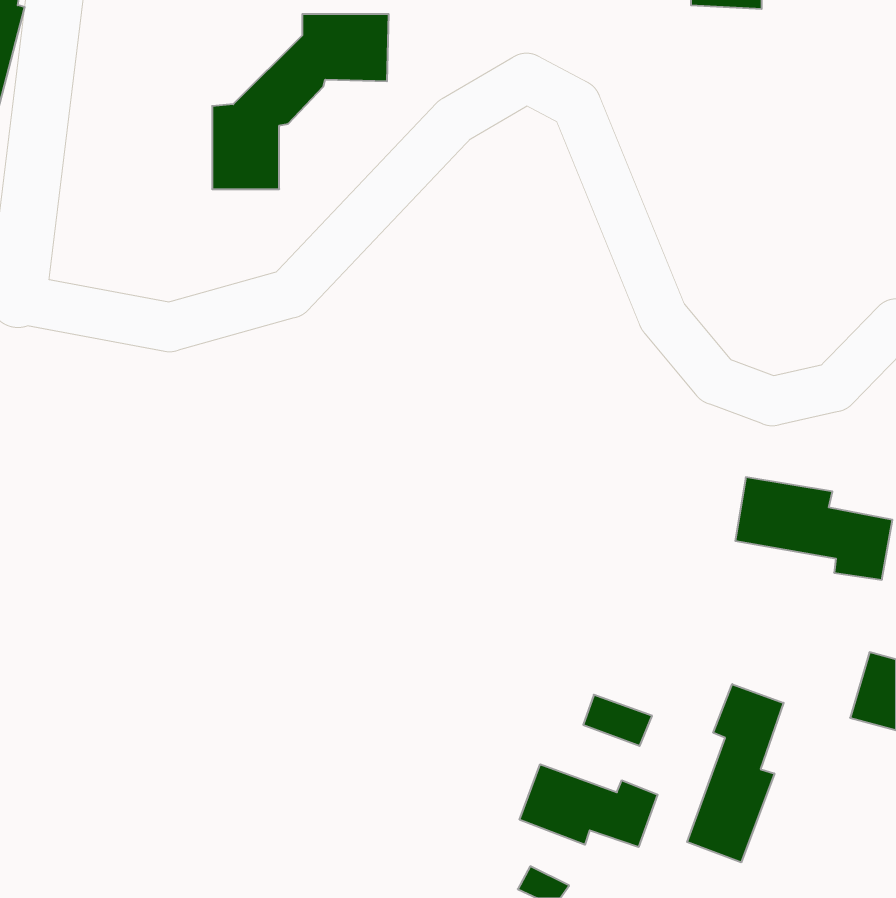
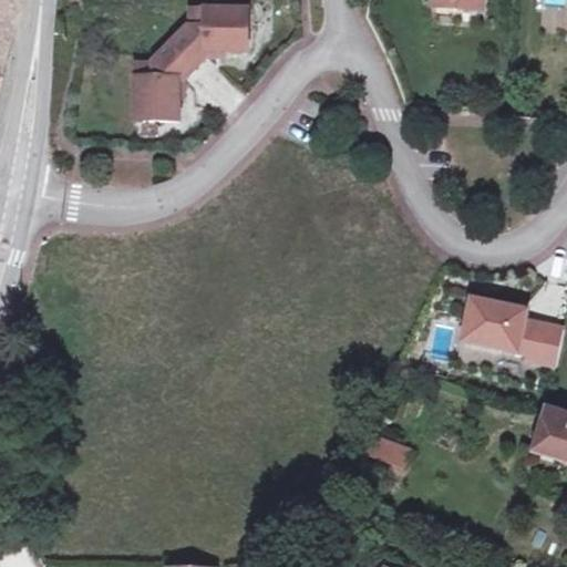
building: [687,684,784,862] -> none
building: [520,764,658,847] -> none

